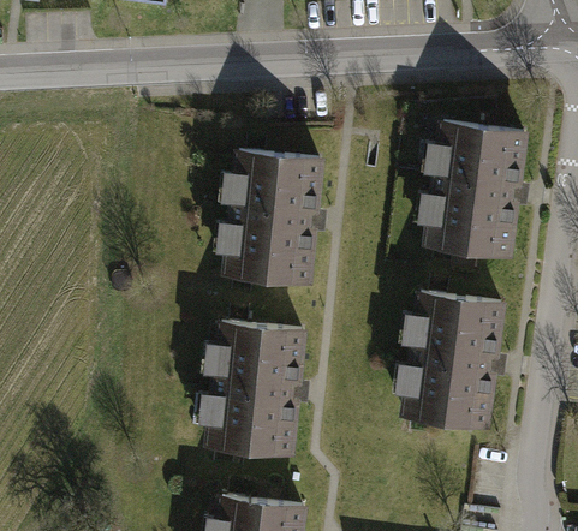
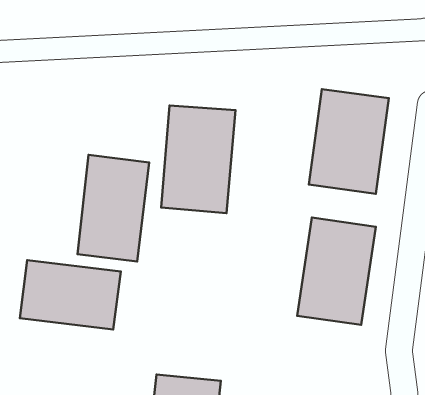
building: [209,316,303,455] -> [78,155,149,261]
building: none -> [20,260,121,329]

